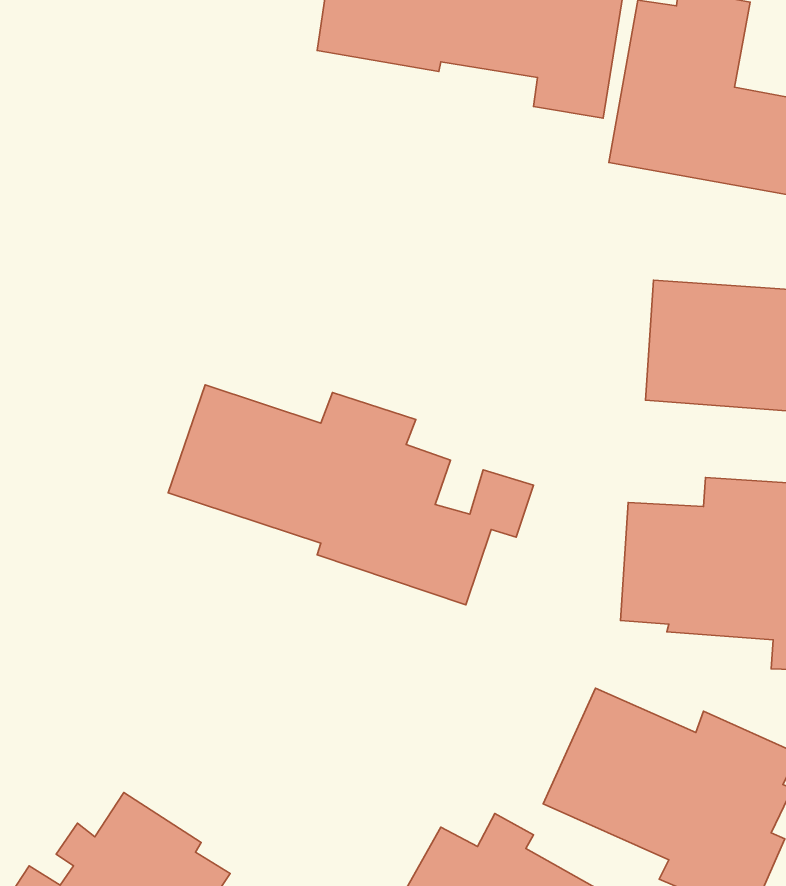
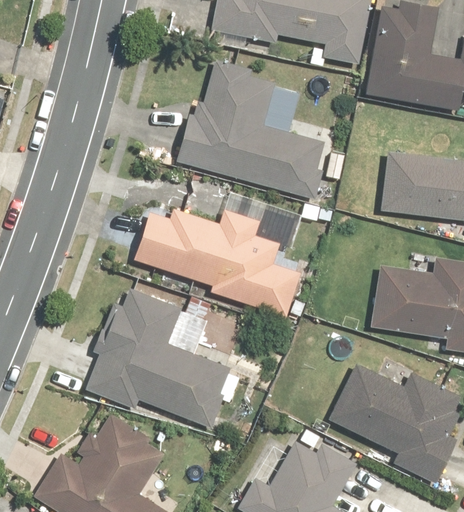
building: none -> [177,58,324,199]
building: none -> [85,288,240,429]

